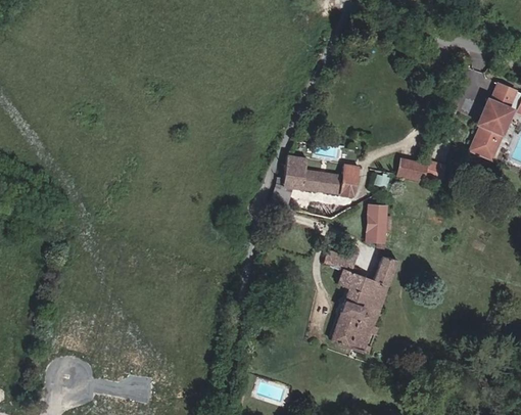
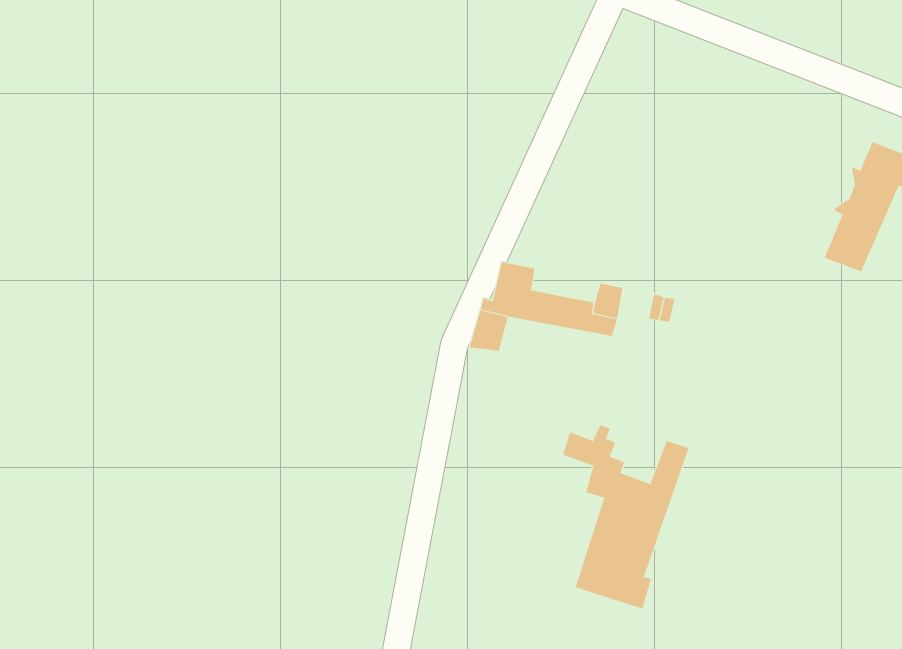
building: [395,160,424,181] -> none
building: [367,205,389,247] -> none

